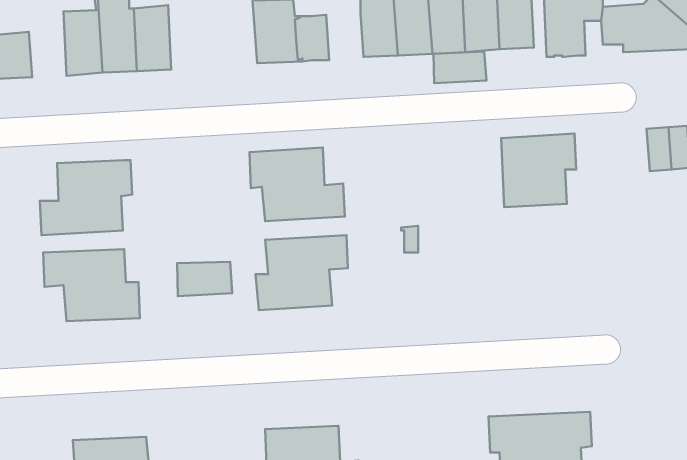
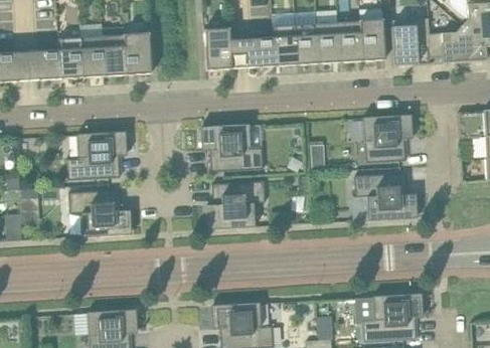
building: none -> [59,36,85,78]
building: none -> [252,37,276,67]
building: [433,51,487,83] -> none
building: none -> [355,172,417,219]
building: [177,262,232,296] -> none

